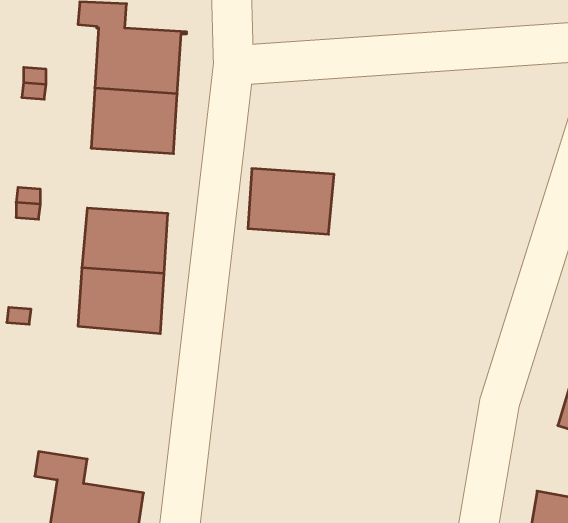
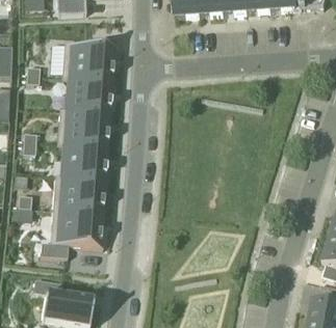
building: [248,169,334,234] -> [62,110,110,146]
building: none -> [42,209,103,257]

